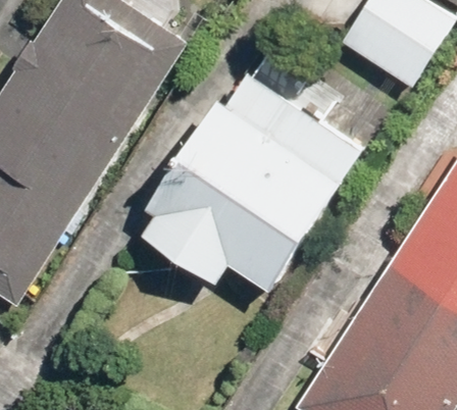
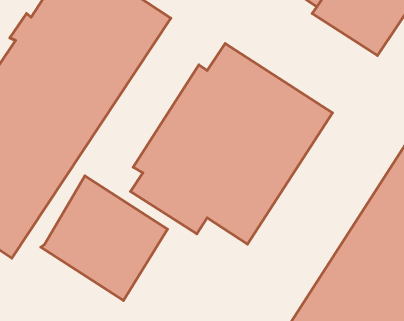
building: none -> [41,176,167,300]

